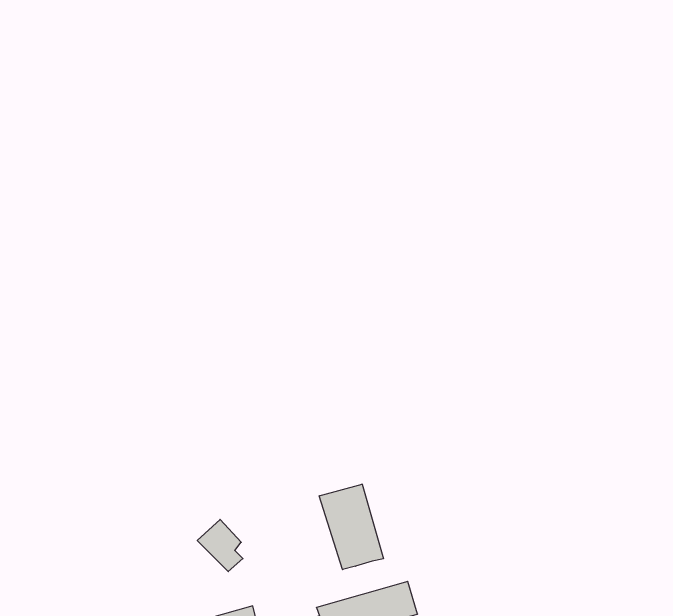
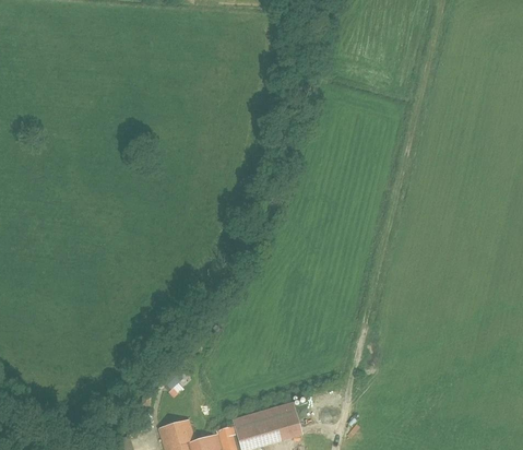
building: [319,484,383,570] -> none

